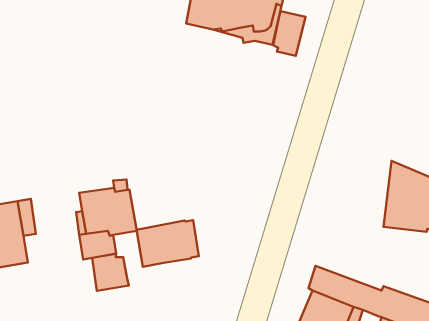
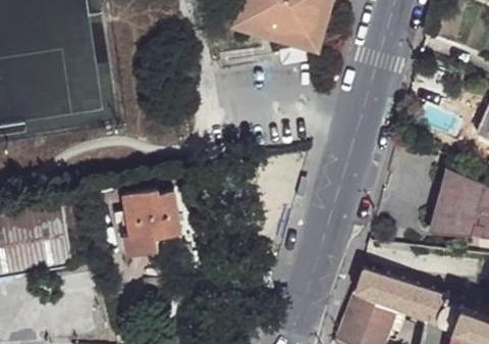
building: [273,11,306,56] -> none
building: [136,220,199,267] -> none
building: [92,254,129,291] -> none

